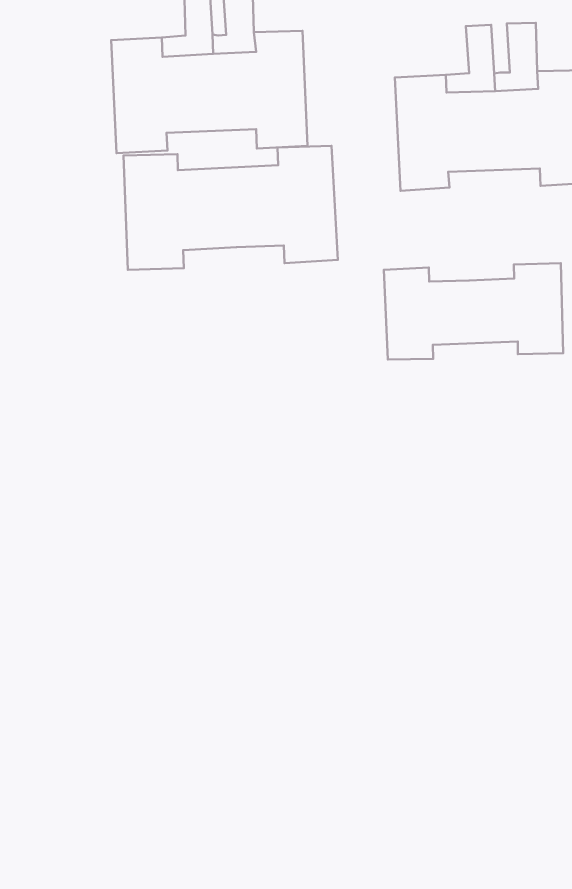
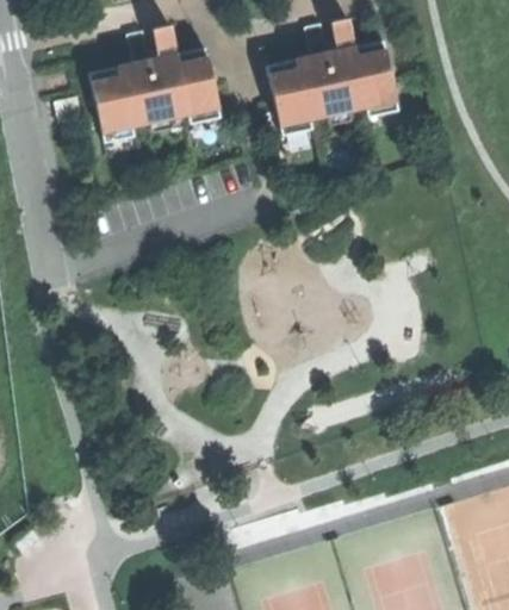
building: [124,146,338,270] -> none
building: [384,263,563,360] -> none

